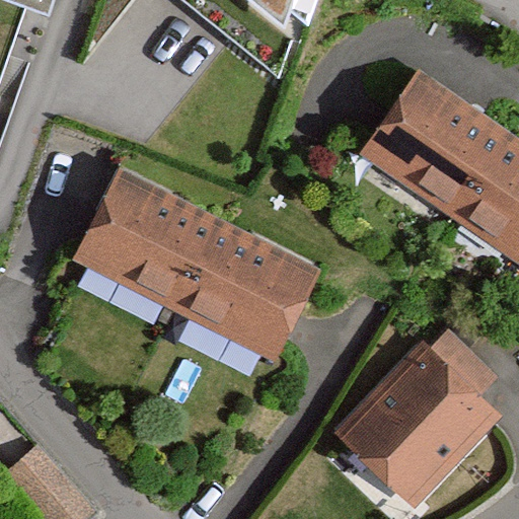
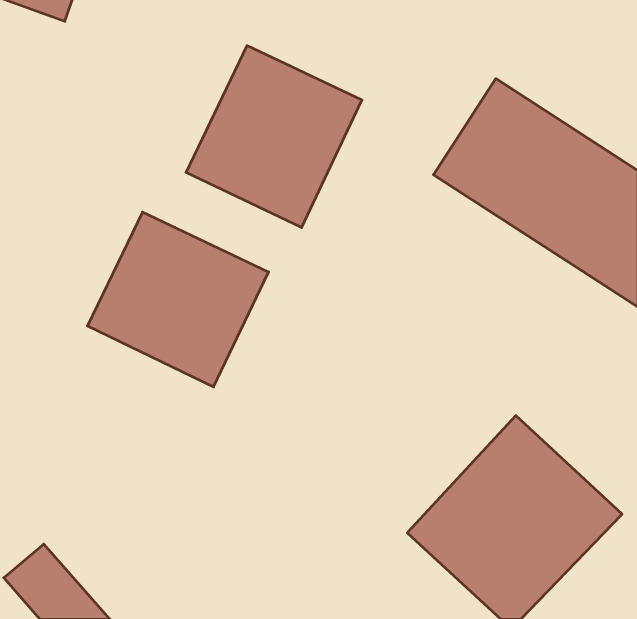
building: none -> [186,46,362,228]
building: [174,220,318,363] -> none

